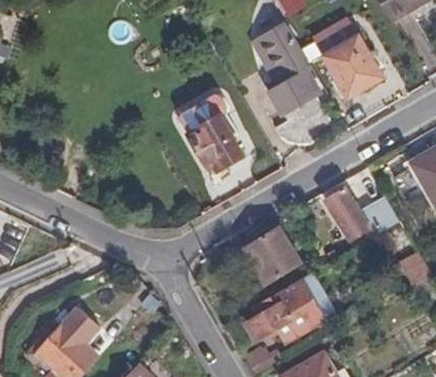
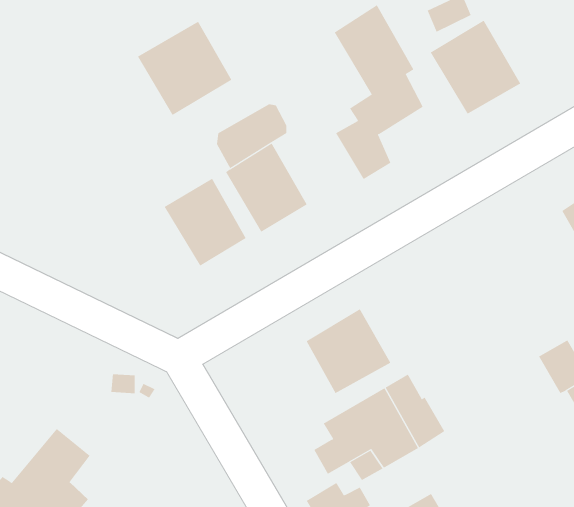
building: none -> [137,21,232,116]
building: none -> [164,178,246,267]
building: [323,186,399,238] -> none

